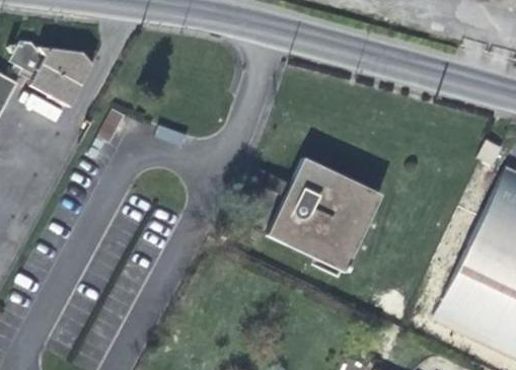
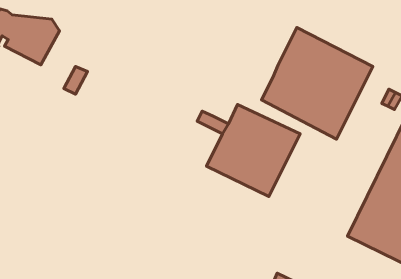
building: none -> [261,28,373,139]

